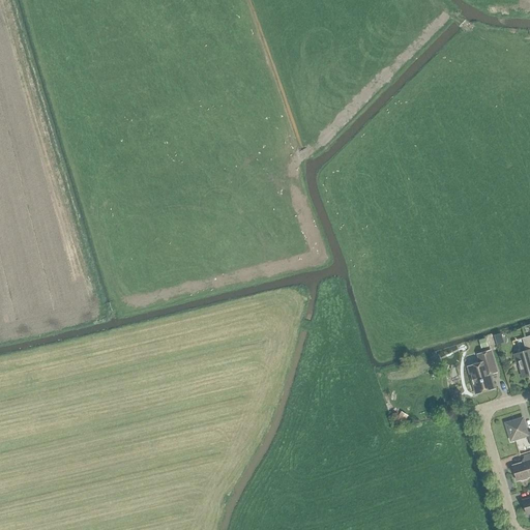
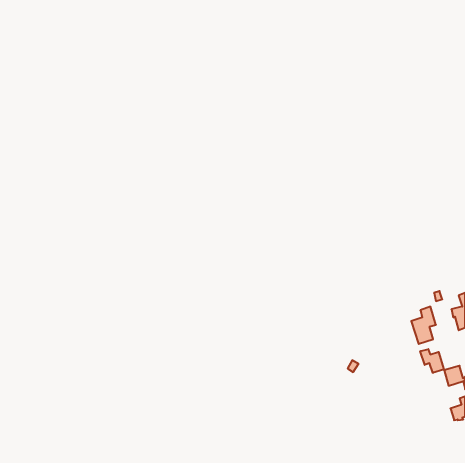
building: none -> [420,349,444,373]

